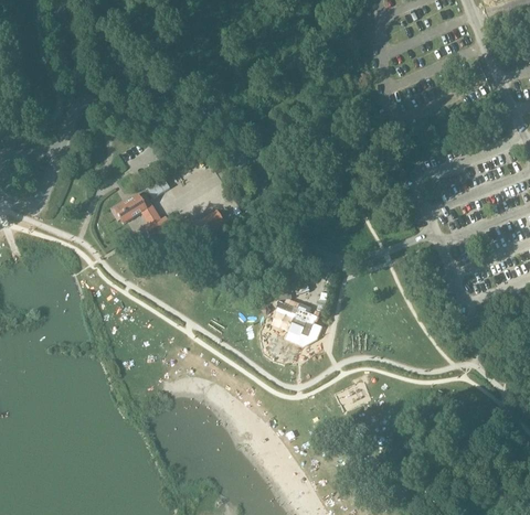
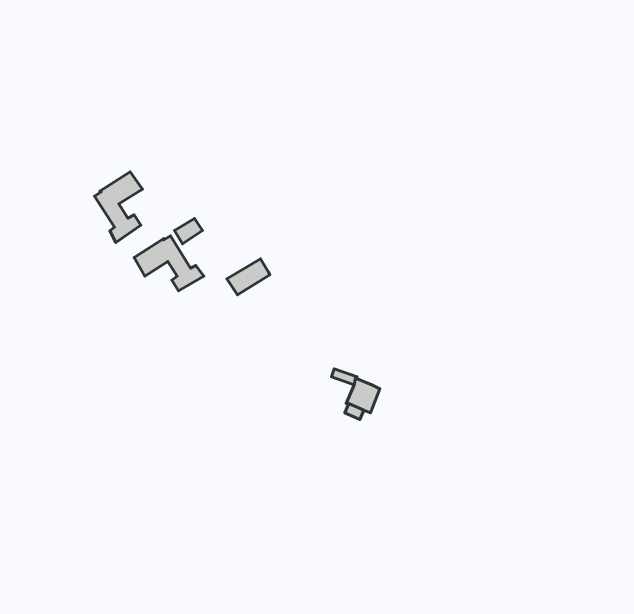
building: none -> [94,172,143,243]

